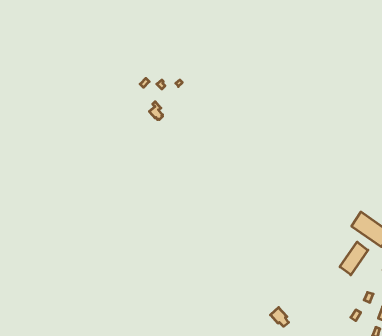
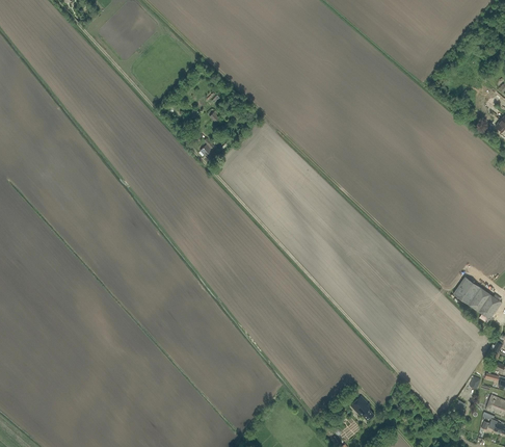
building: [340,242,368,275] -> none

